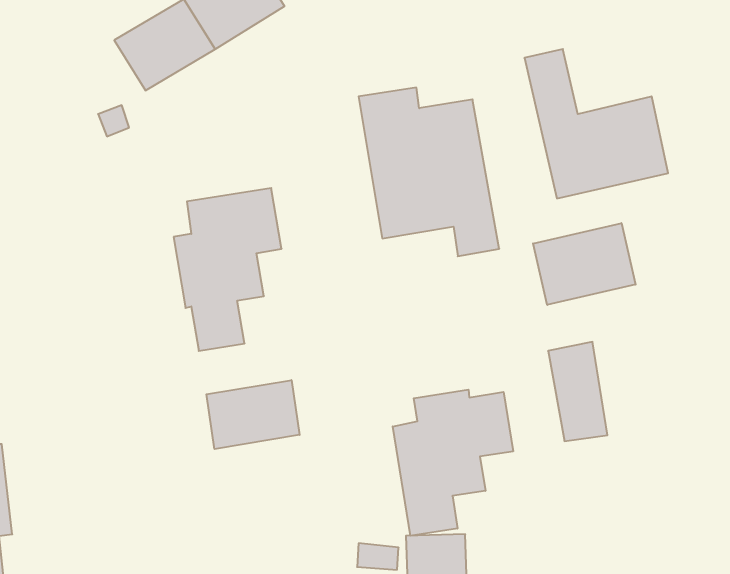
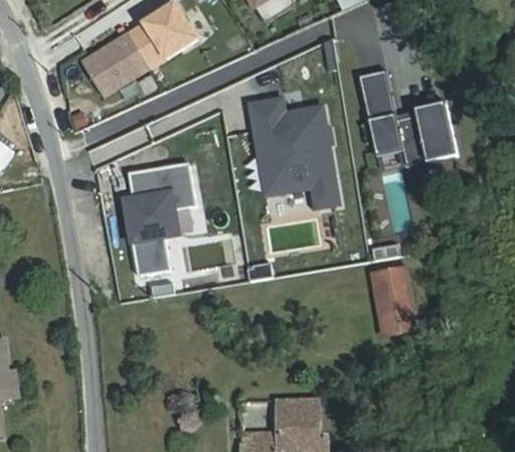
building: [533,223,636,305] -> none
building: [206,380,300,449] -> none
building: [393,390,513,536] -> none

